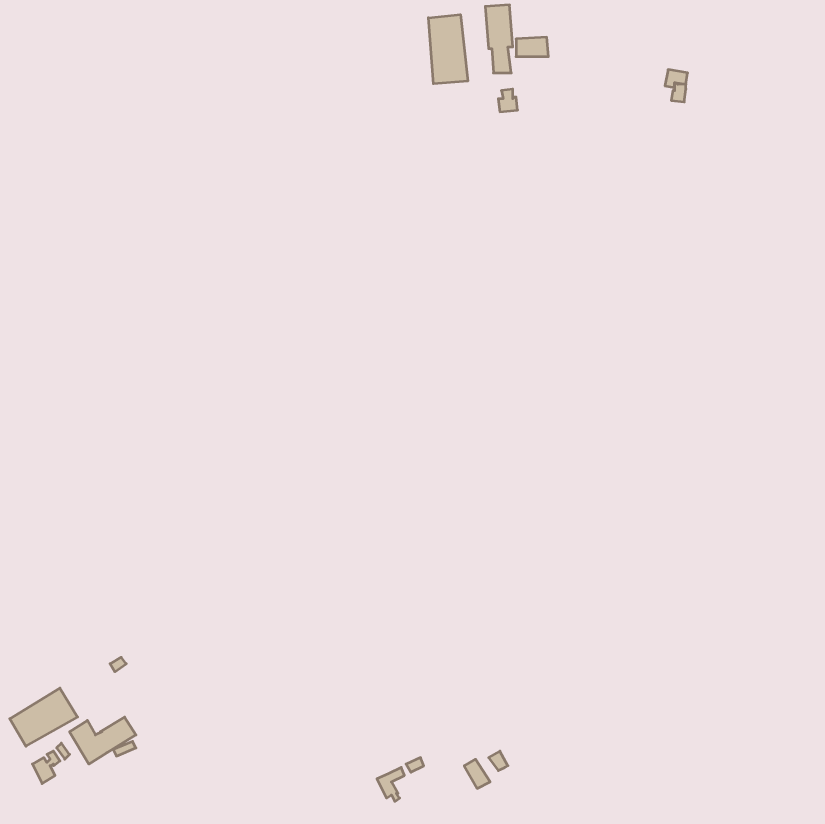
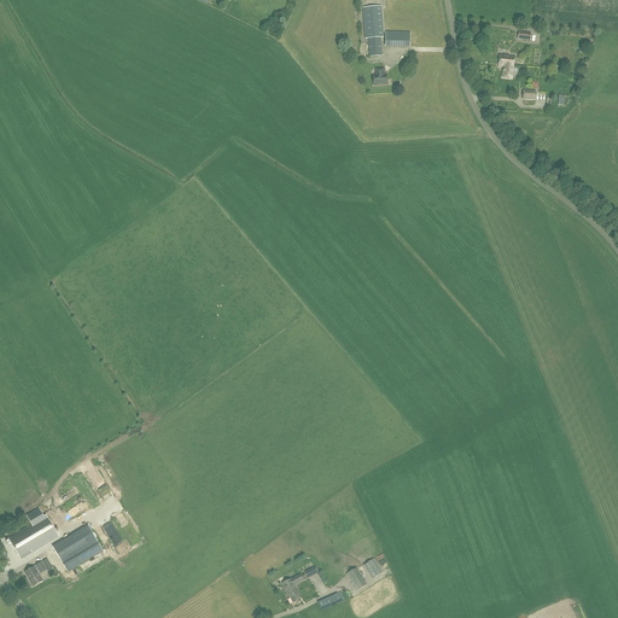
building: [428,15,468,84] -> none

